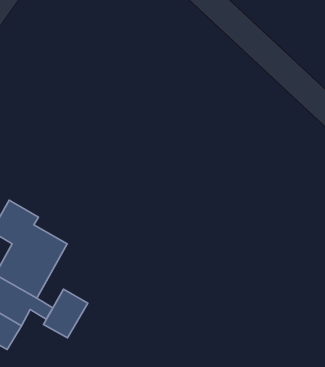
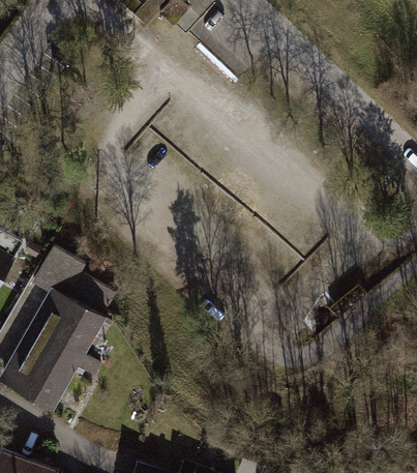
building: [43,289,88,338] -> none

